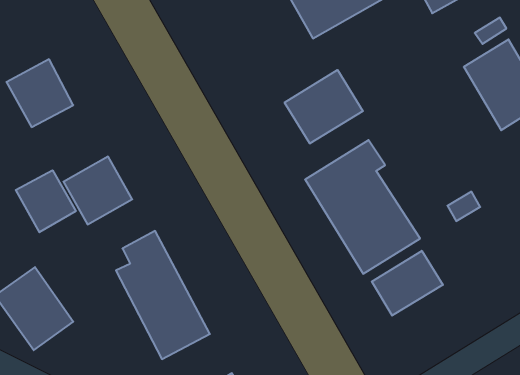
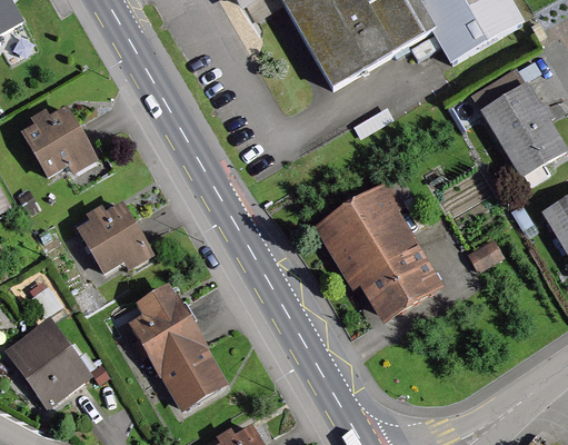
building: [285,70,363,144] -> none
building: [16,170,76,232] -> none
building: [372,251,443,316] -> none

